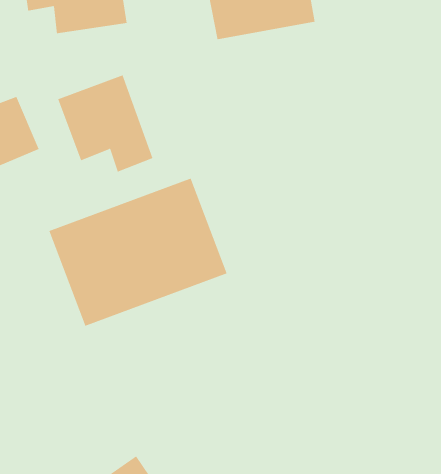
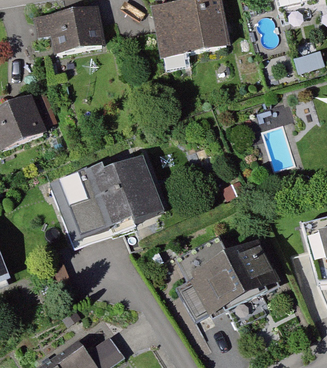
building: [58,74,153,172] -> none
building: none -> [173,231,285,323]

